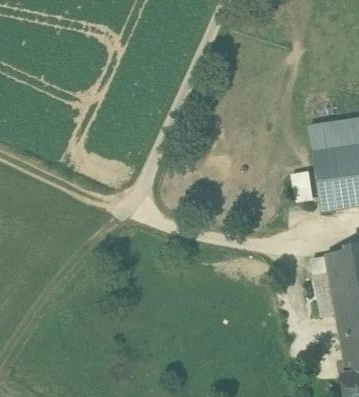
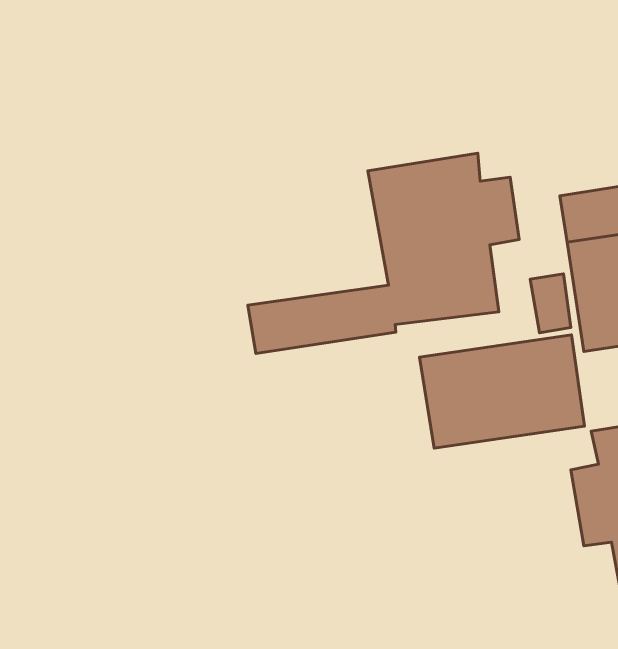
building: none -> [248,153,519,354]
building: none -> [419,335,585,448]

